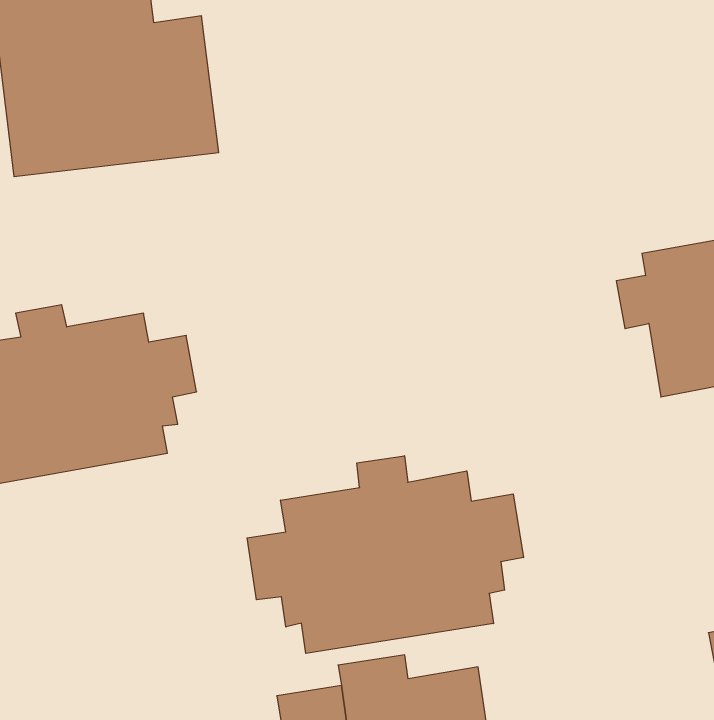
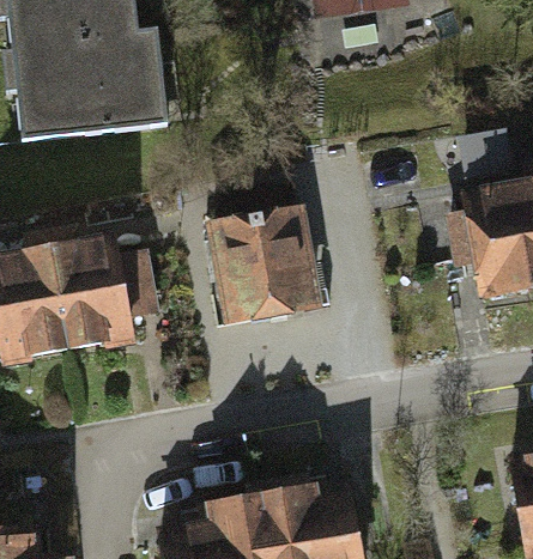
building: none -> [217,211,331,311]
building: [247,456,523,653] -> none

